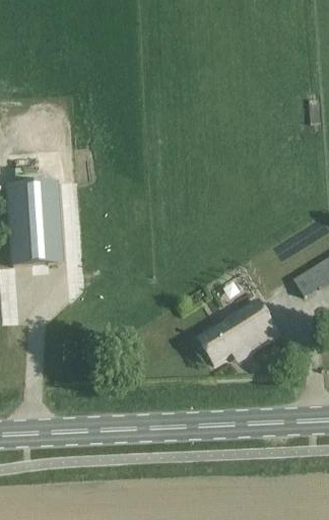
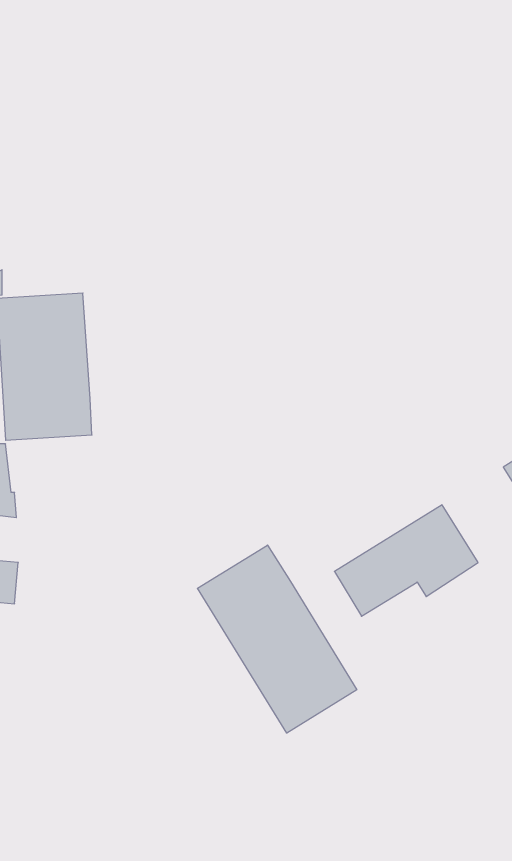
building: none -> [197,545,357,733]

